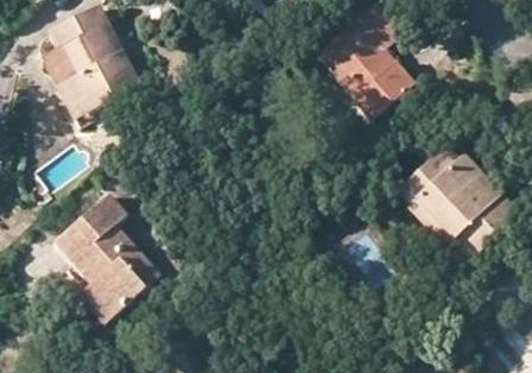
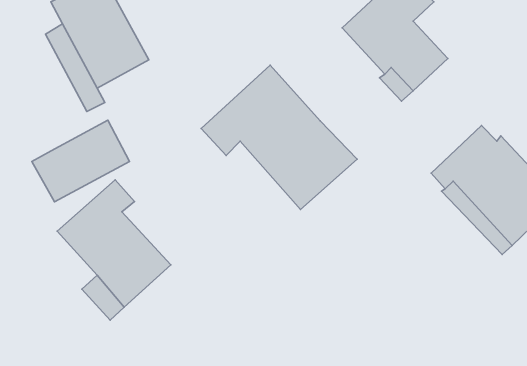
building: none -> [201,65,357,210]
building: none -> [32,120,130,202]

